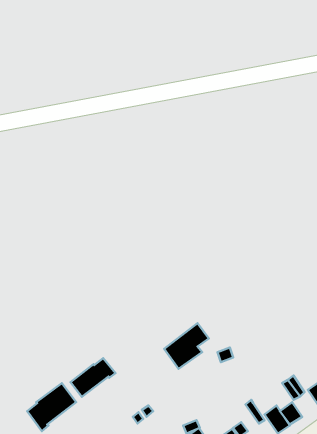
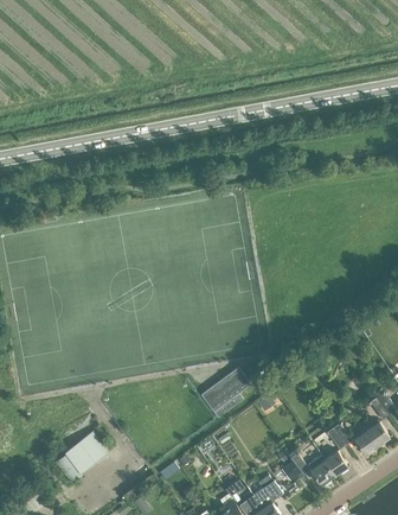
building: [71,358,116,397] -> none

